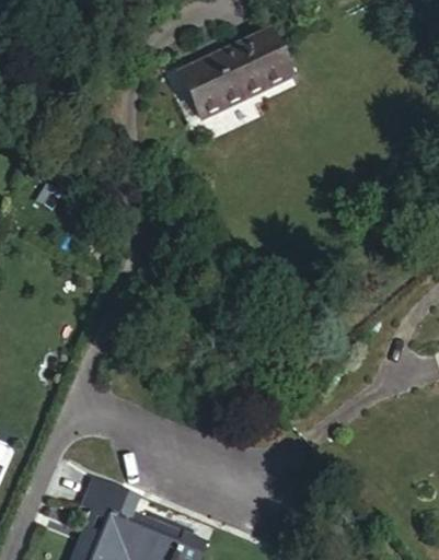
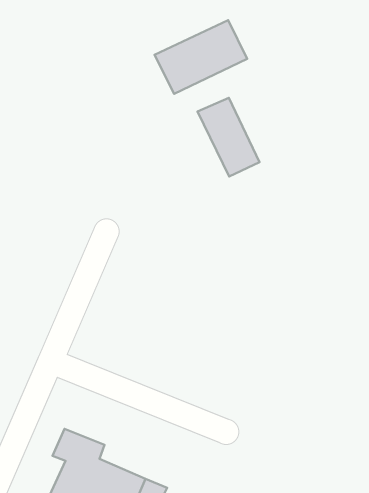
building: none -> [198,98,260,177]

